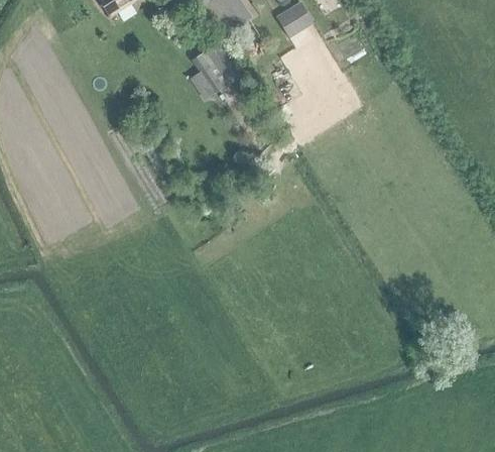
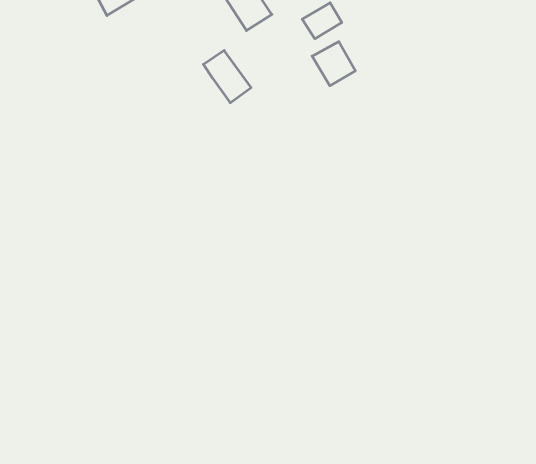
building: none -> [312,42,355,86]

